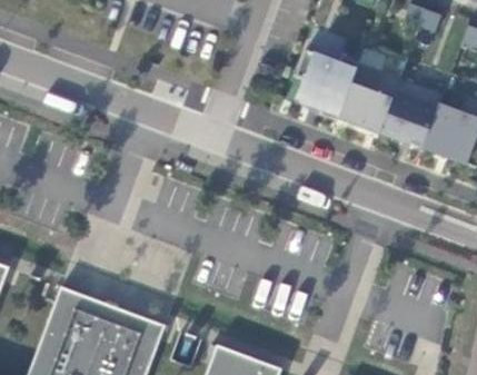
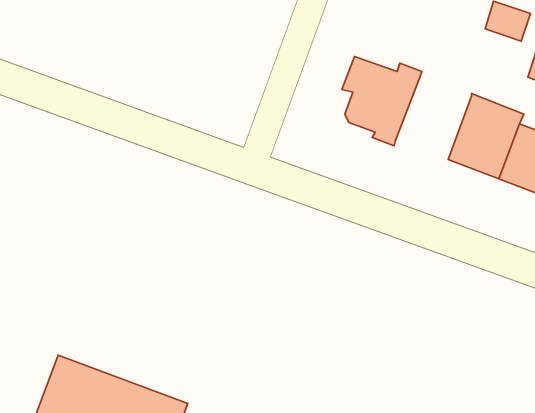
building: [336,63,397,131] -> none

